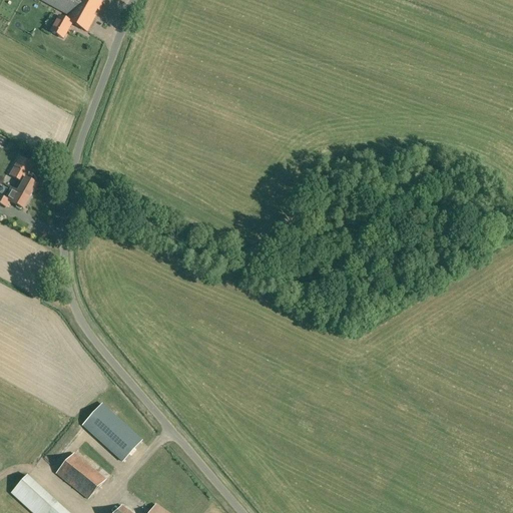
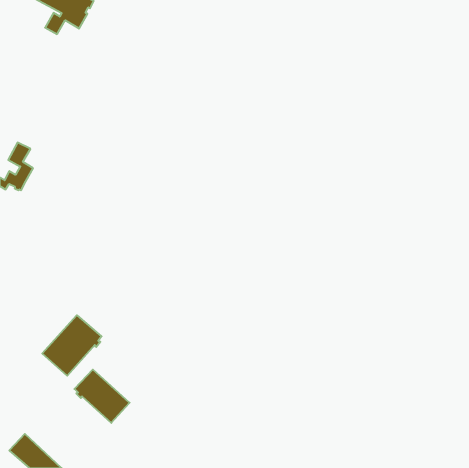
building: none -> [42,315,102,376]
building: [55,452,105,499] -> none

